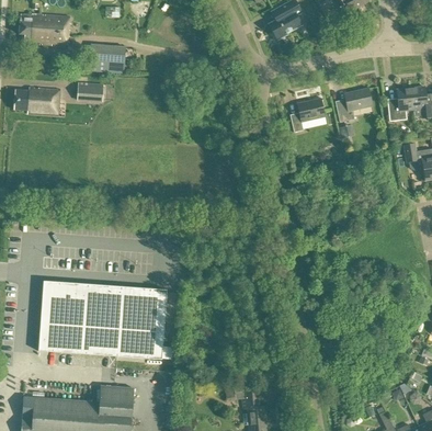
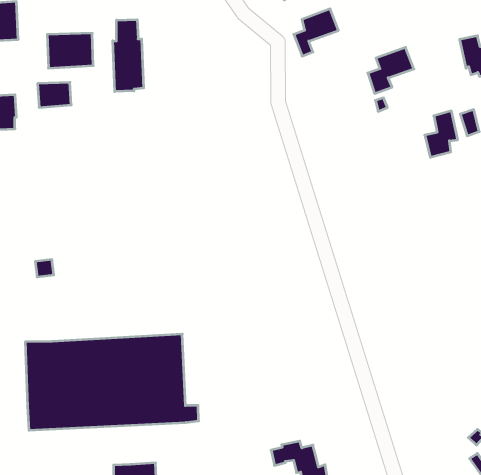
building: none -> [113,20,144,92]
building: [387,87,412,121] -> [425,111,458,157]
building: [289,98,325,132] -> [294,9,338,56]

